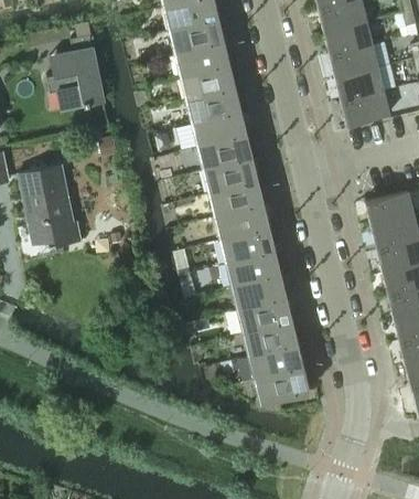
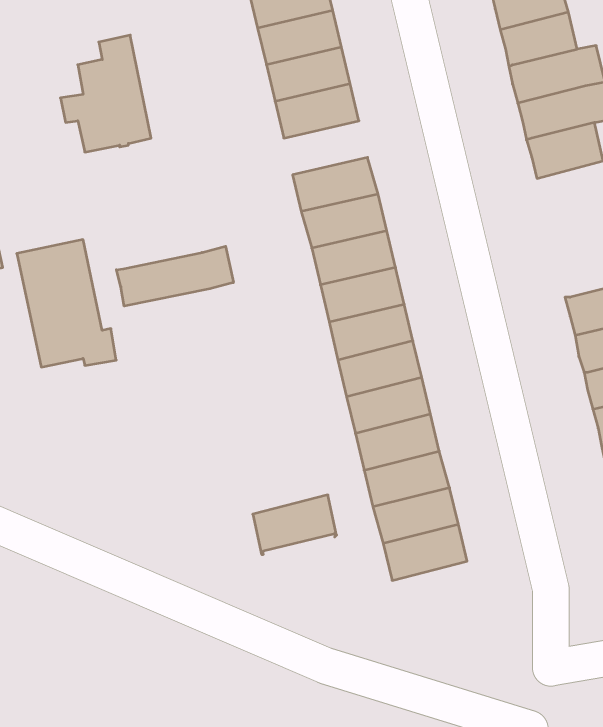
building: [187,88,240,123] -> none
building: none -> [116,246,233,306]
building: [256,367,309,404] -> [253,495,337,554]

